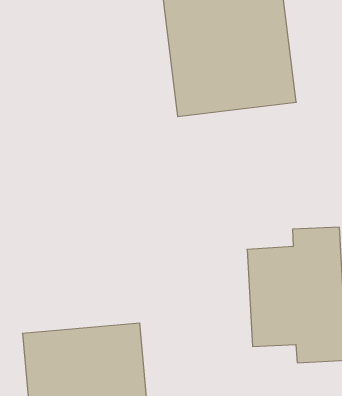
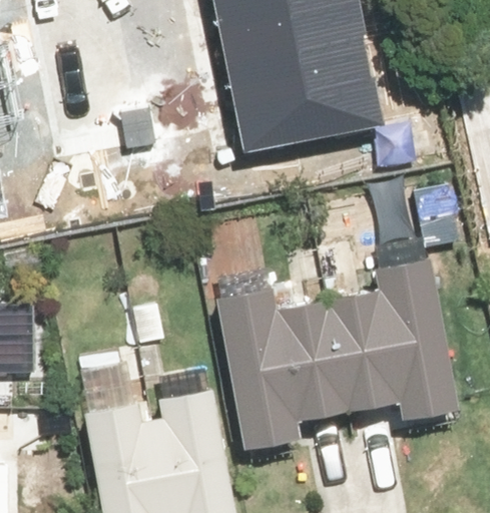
building: none -> [224,285,348,445]

